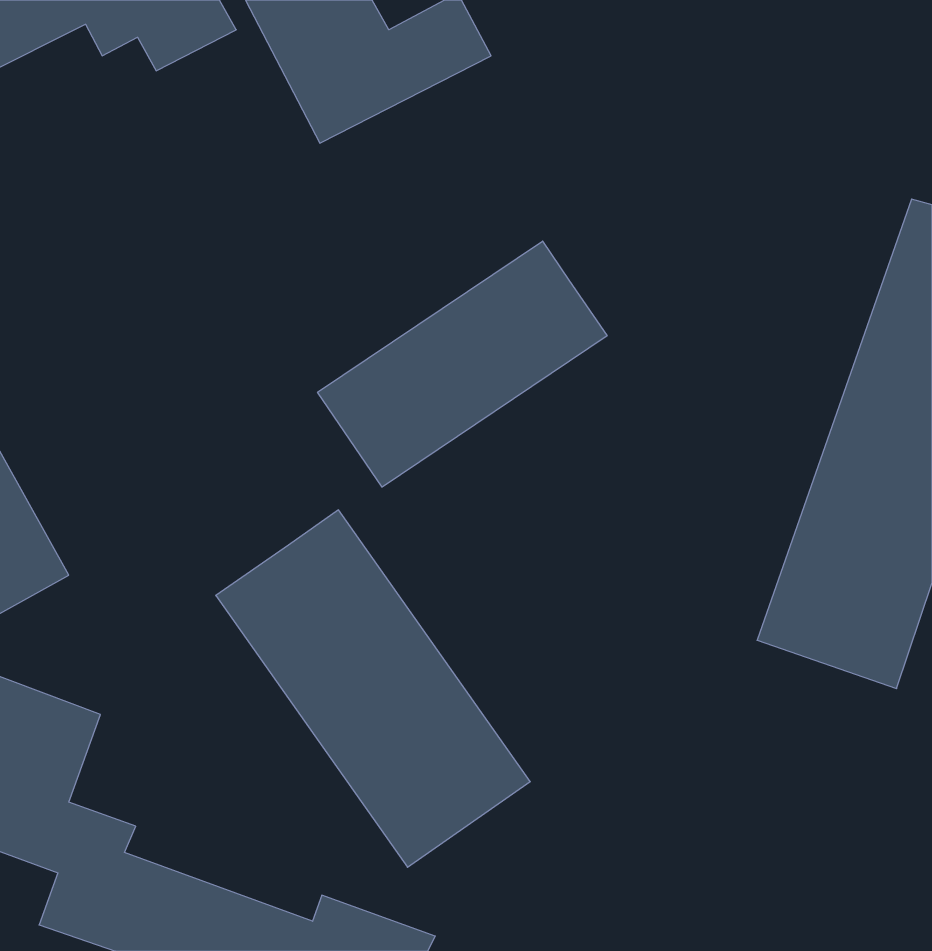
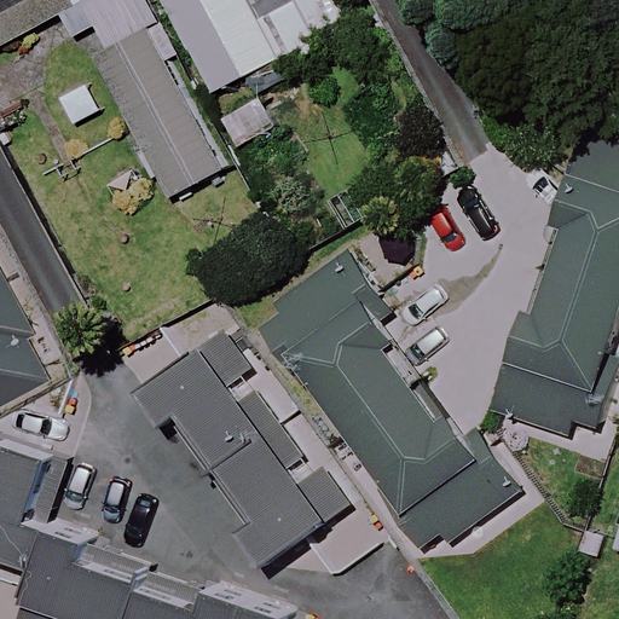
building: none -> [93,30,224,198]
building: [318,241,607,487] -> none
building: none -> [262,255,515,554]

